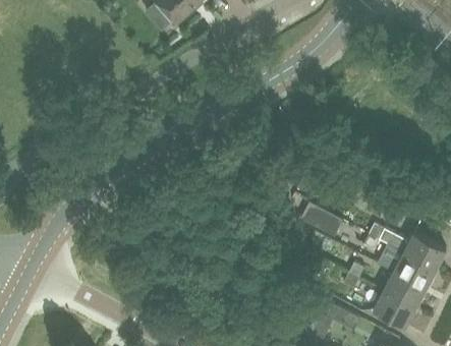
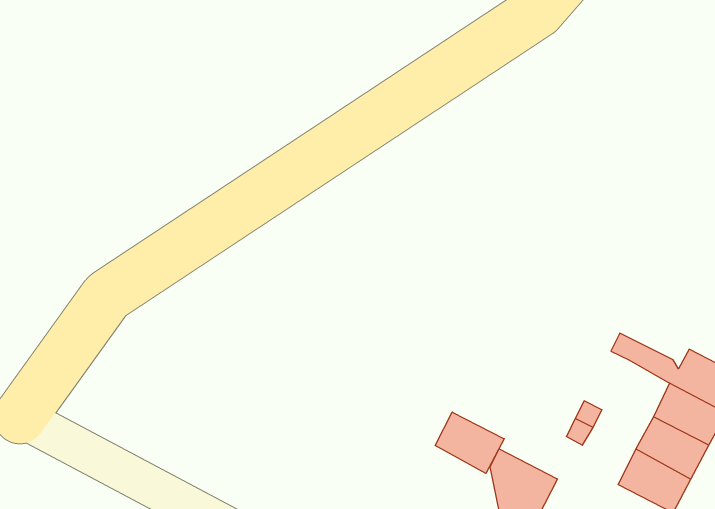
building: [301,203,341,234] -> none
building: none -> [435,412,504,473]

